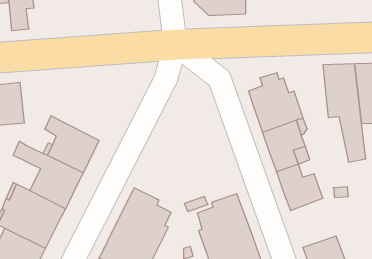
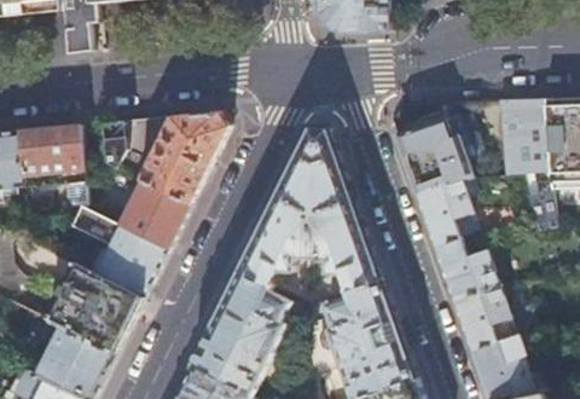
building: none -> [103,109,227,202]
building: none -> [237,126,378,287]
building: none -> [452,282,515,349]

